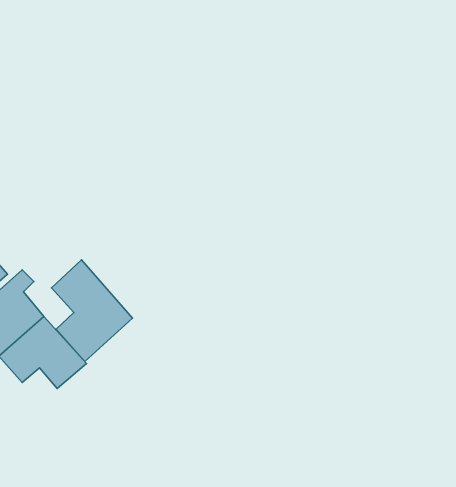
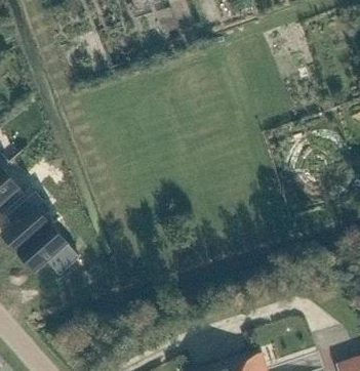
building: [51,260,133,362] -> none

